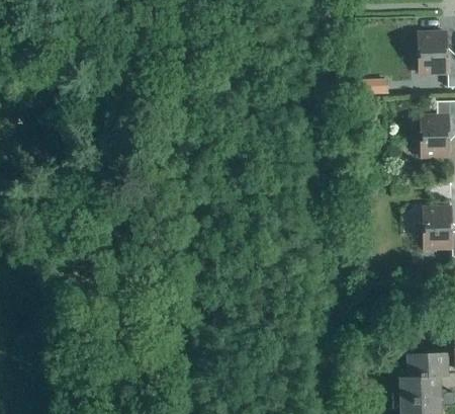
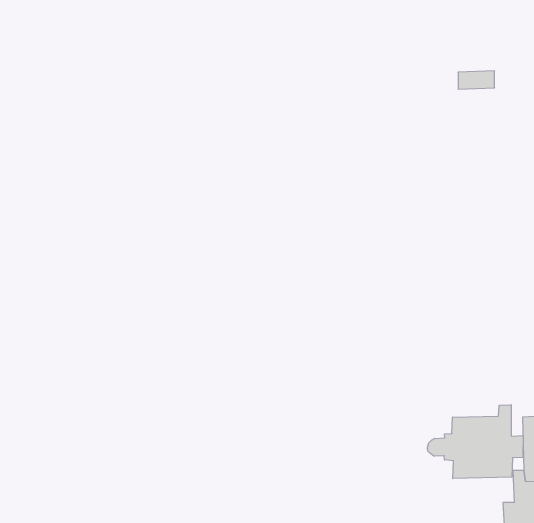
building: none -> [427,405,523,479]

